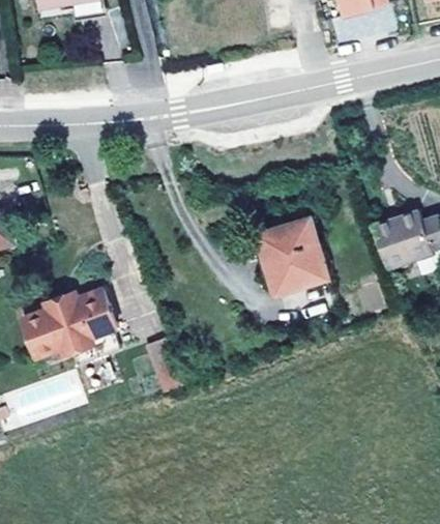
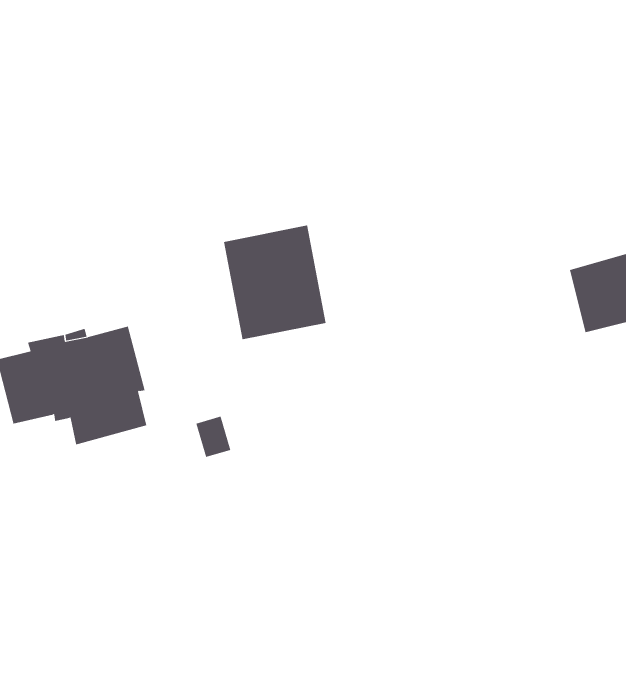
building: [259,216,328,292] -> [223,225,327,340]

